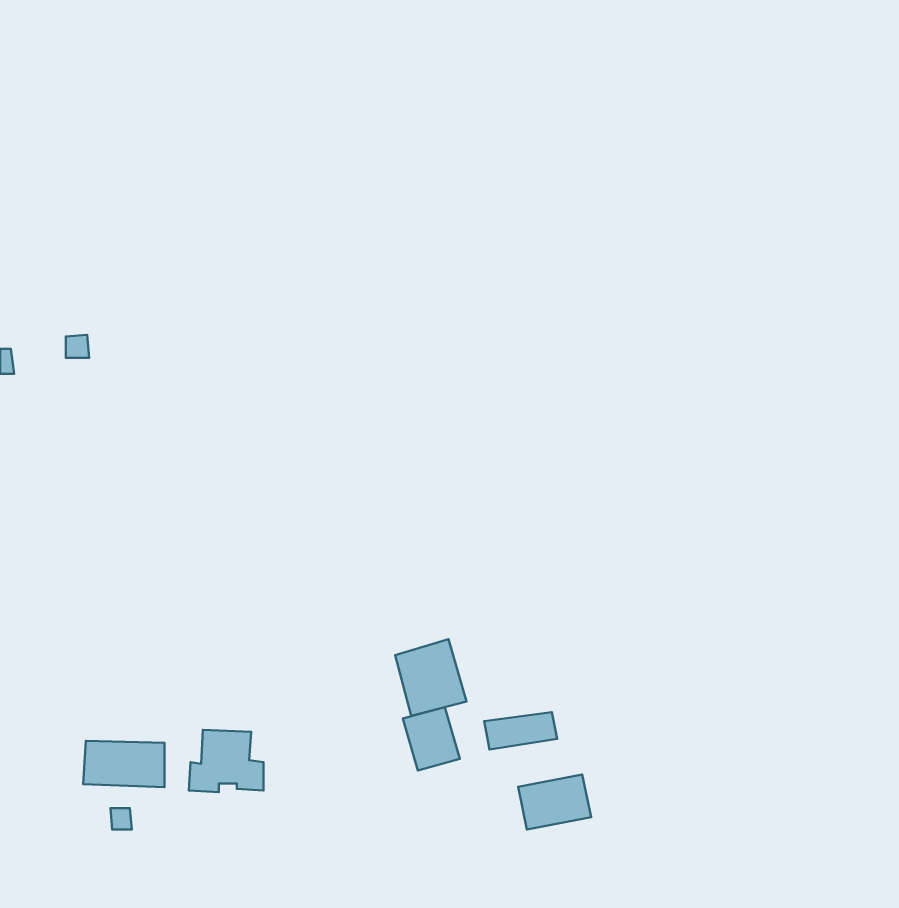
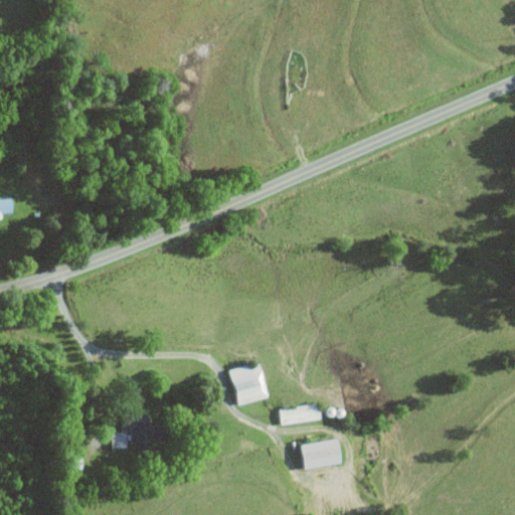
building: [403,707,460,770] -> none
building: [83,741,165,787] -> none

